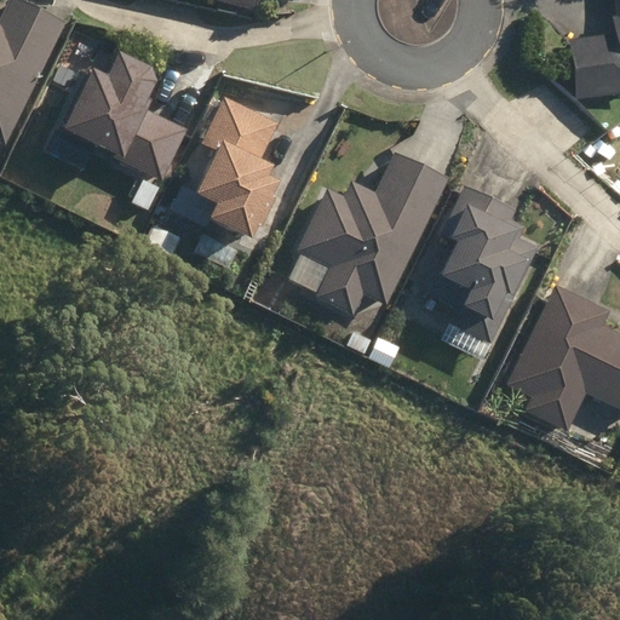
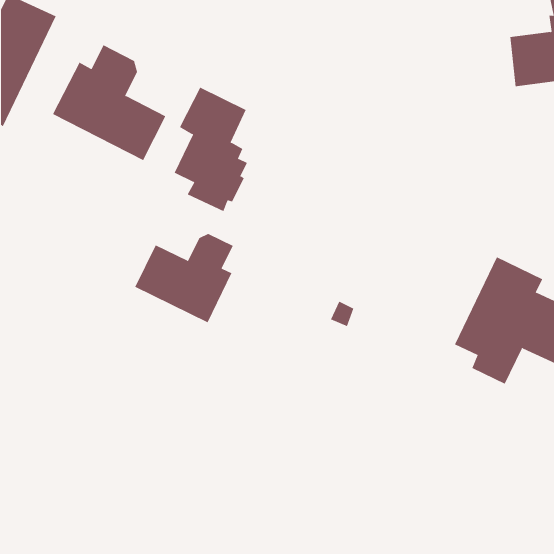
building: [299,151,446,311] -> none
building: [429,186,535,343] -> none
building: none -> [134,233,234,323]

